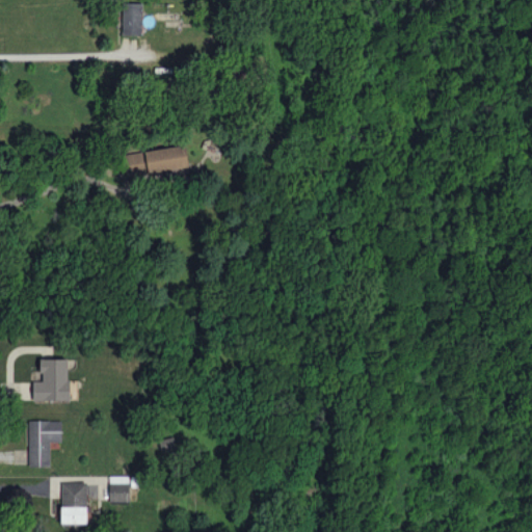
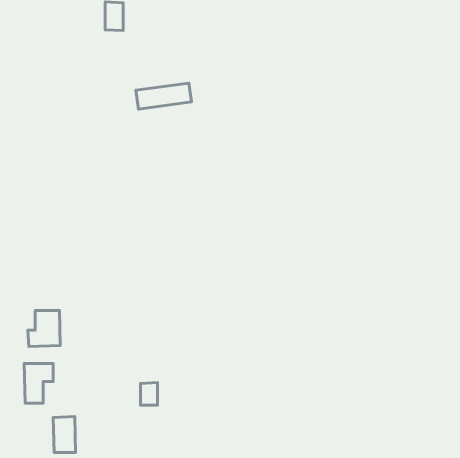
building: [124,147,188,177] -> [136,83,191,109]
building: [109,477,129,503] -> [140,383,157,405]

